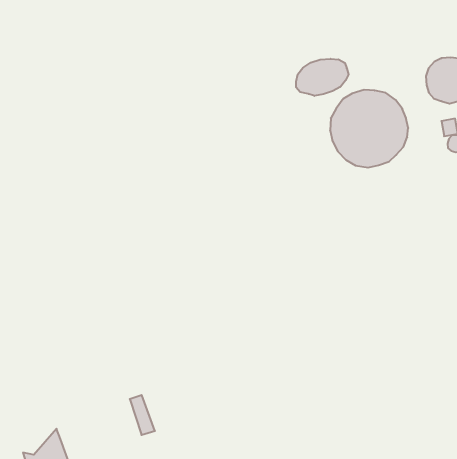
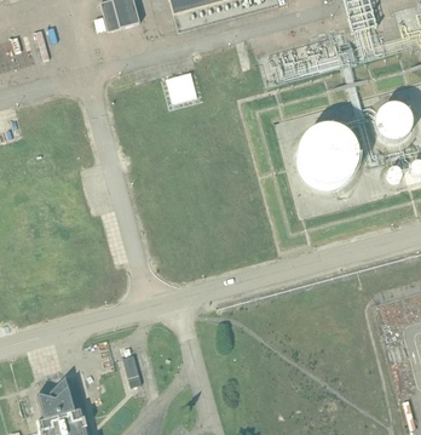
building: [296,59,349,96] -> none

